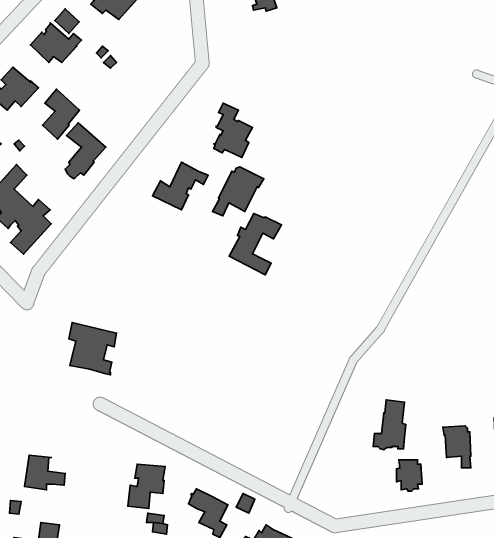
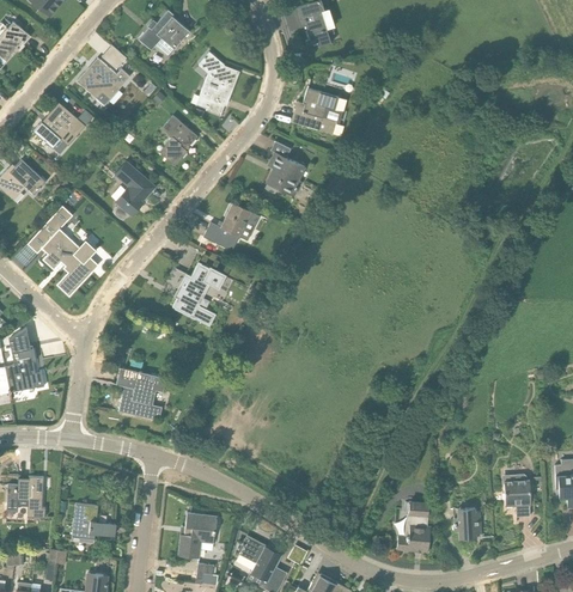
building: none -> [196,51,238,116]
building: none -> [291,87,337,134]
building: [42,89,80,139] -> [159,115,197,166]
building: [213,167,264,216] -> none
building: [229,213,282,275] -> [172,263,226,326]
building: [373,400,406,450] -> [396,501,429,553]

